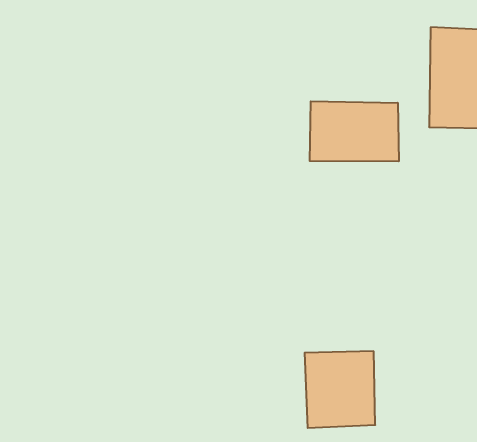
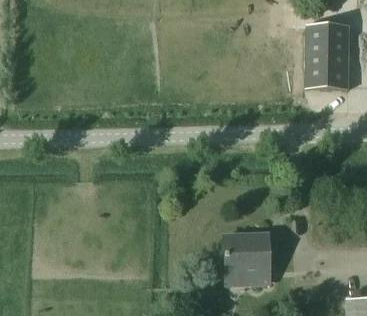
building: [310,101,399,161] -> none

